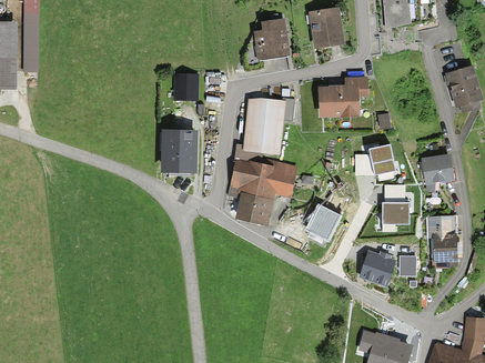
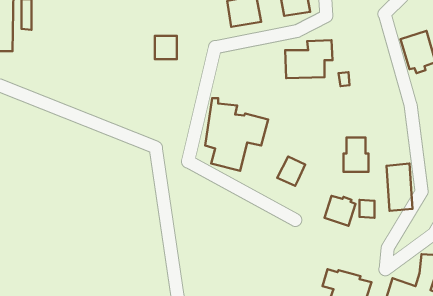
building: [243,97,295,152] -> none
building: [162,129,198,173] -> none
building: [355,145,396,175] -> none
building: [422,150,455,191] -> none

